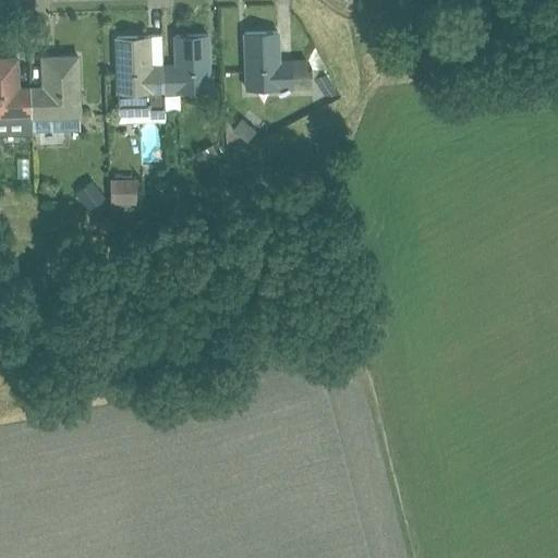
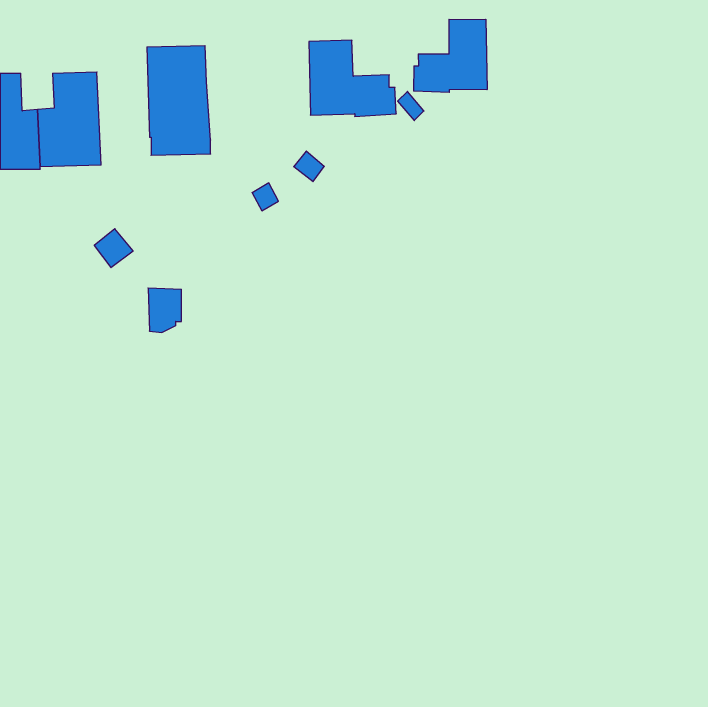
building: none -> [414,19,487,92]
building: [162,35,208,111] -> none
building: [109,179,135,214] -> [148,288,181,332]

